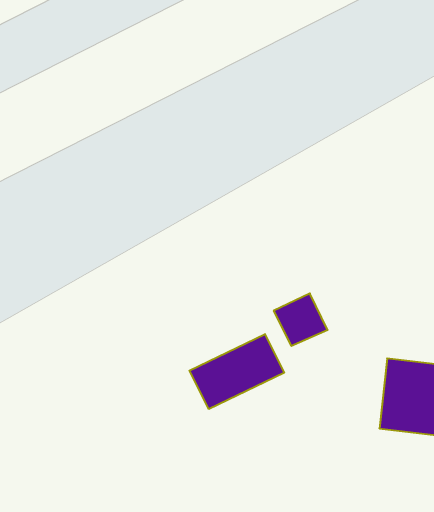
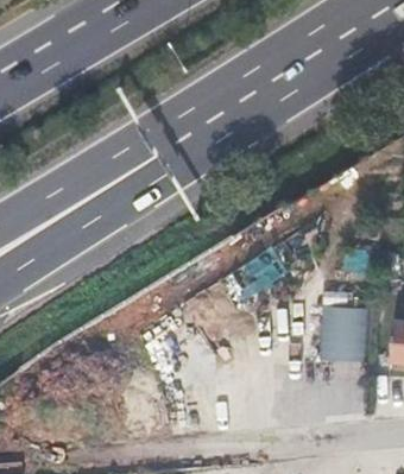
building: [189,334,284,409] -> none

